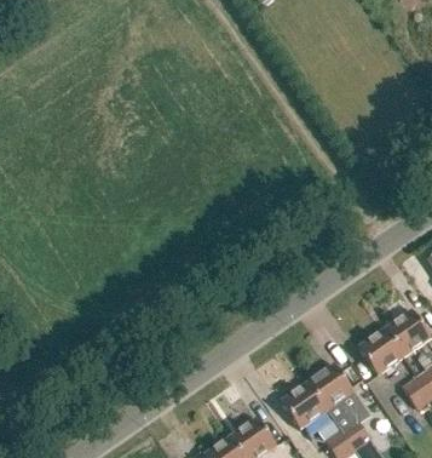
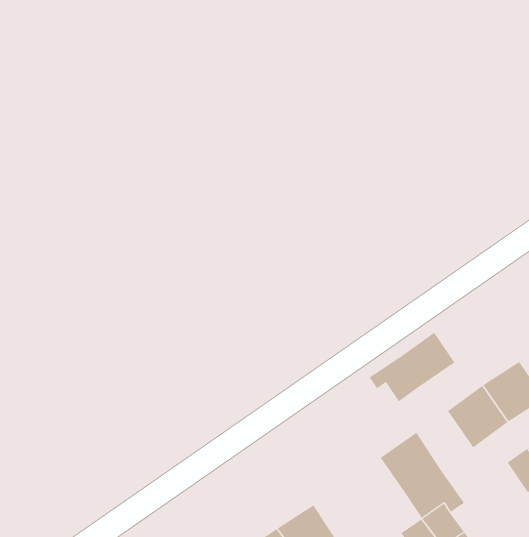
building: none -> [369,332,455,402]
building: [281,382,327,428] -> none

